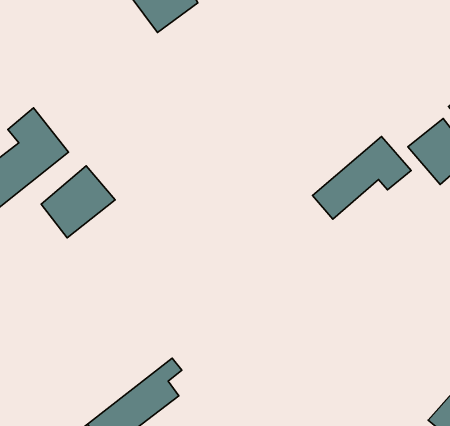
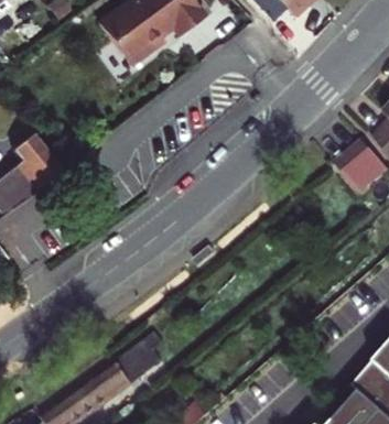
building: [312,136,411,219] -> none
building: [41,166,115,238] -> none

